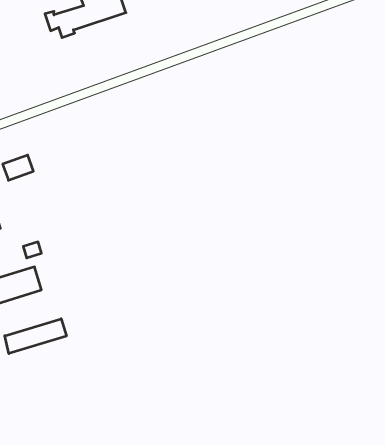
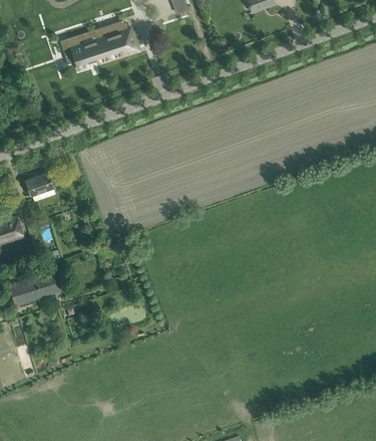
building: [5,319,66,354] -> none

